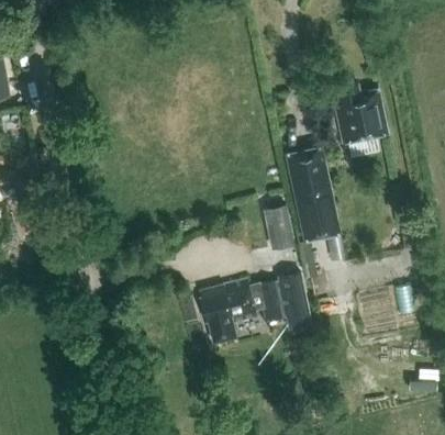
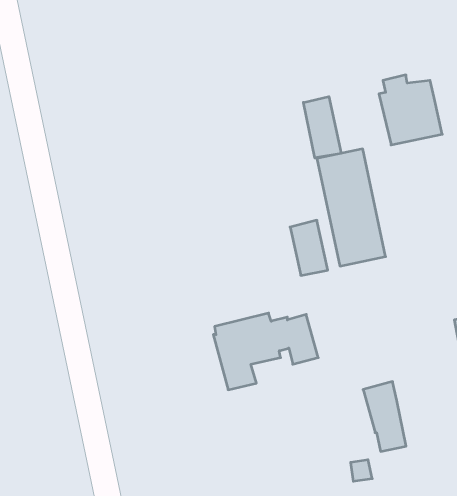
building: none -> [303,97,341,158]
building: [277,274,312,331] -> [363,382,406,451]

